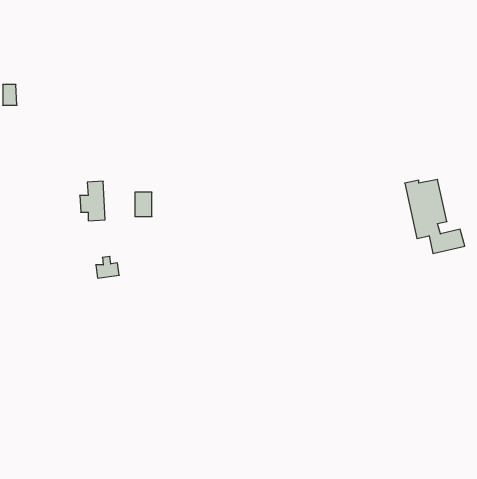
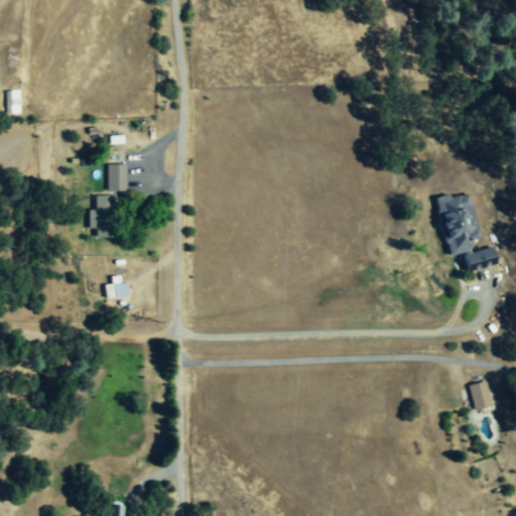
building: [135,192,152,217] -> [108,164,126,190]
building: none -> [469,381,494,410]

